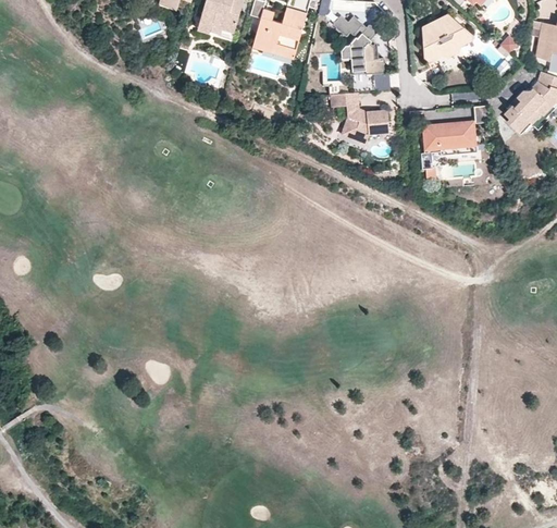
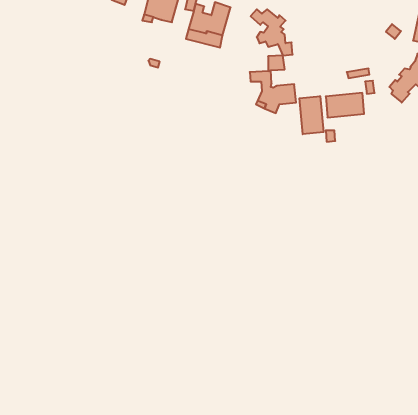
building: [424,13,476,75] -> none
building: none -> [299,96,324,134]

